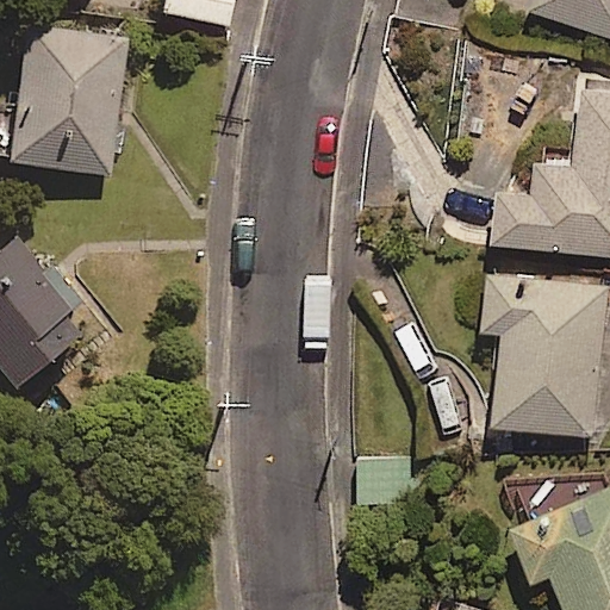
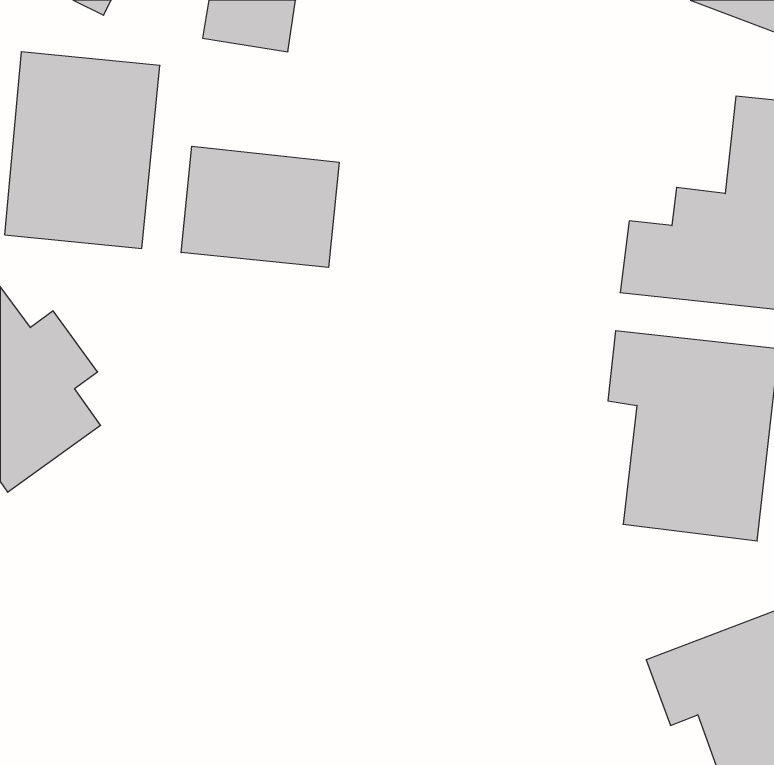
building: none -> [181,146,339,267]

